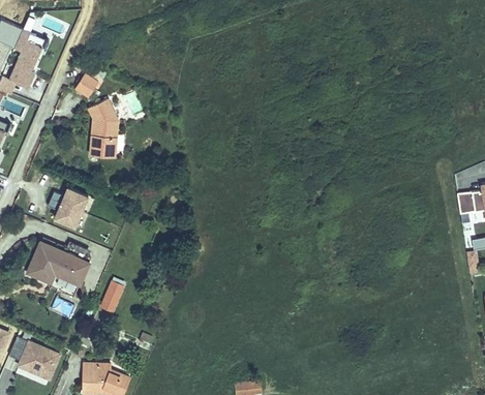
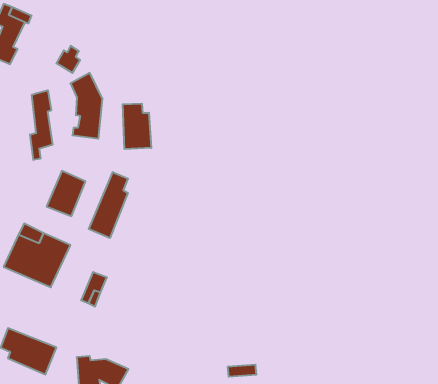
building: none -> [30,90,53,160]
building: none -> [123,104,151,149]
building: none -> [89,172,128,238]

